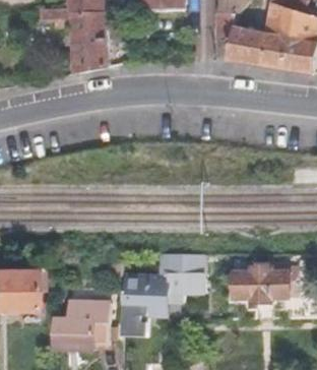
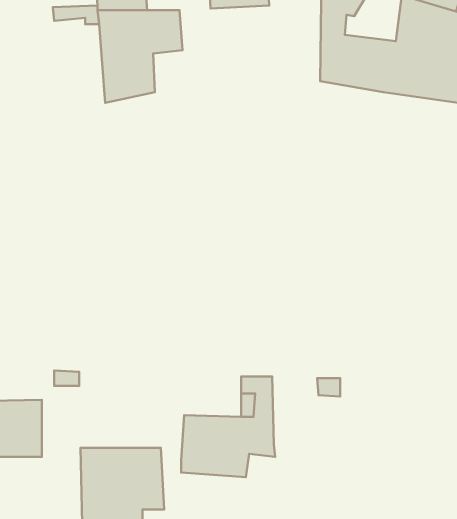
building: [185,253,207,298] -> none
building: [238,265,295,300] -> none

